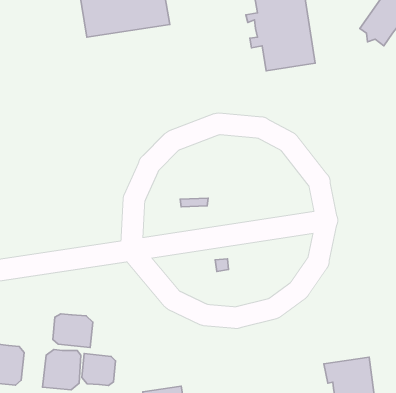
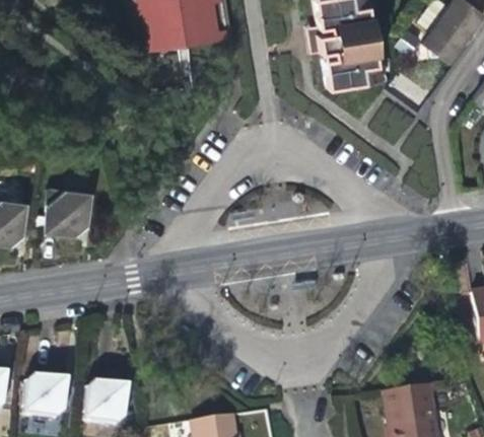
building: none -> [48,188,92,233]
building: [53,314,93,347] -> none
building: [82,354,115,385] -> none

